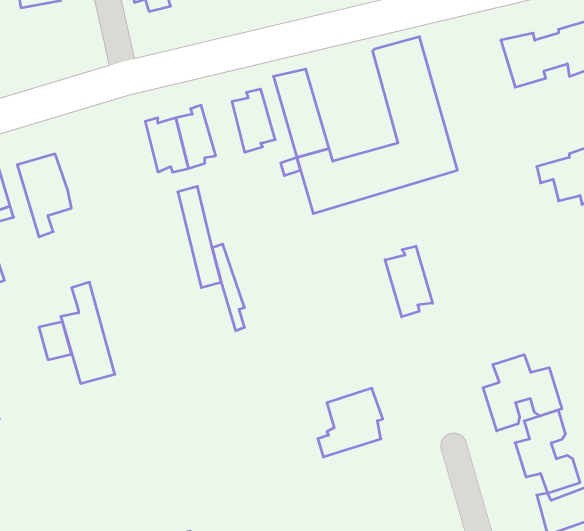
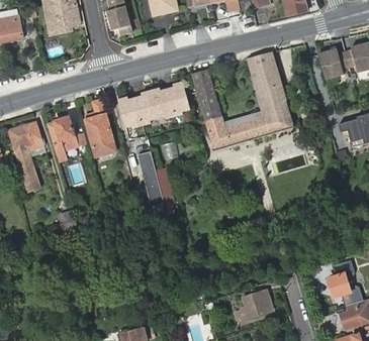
building: none -> [150,88,174,119]
building: [385,246,433,317] -> none
building: [61,282,115,383] -> [85,99,115,155]
building: [483,355,562,431] -> none
building: [318,388,383,457] -> [234,283,270,322]

